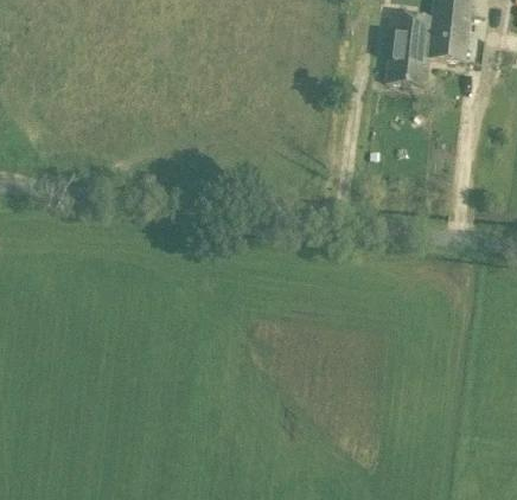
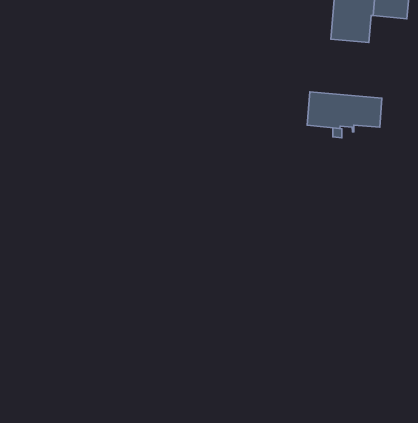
building: none -> [307,92,382,132]

